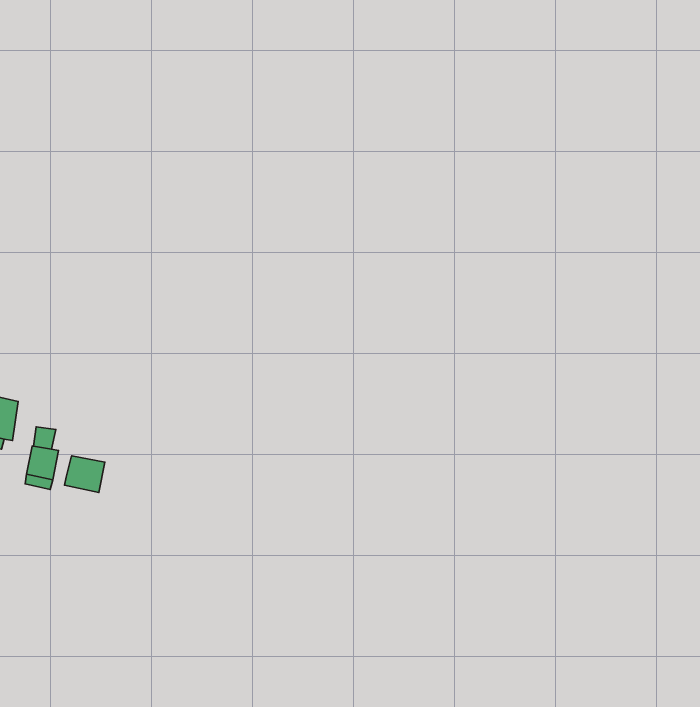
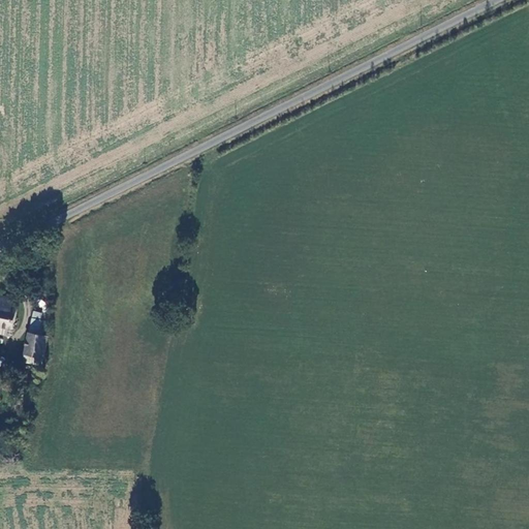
building: [65,456,105,492] -> none

